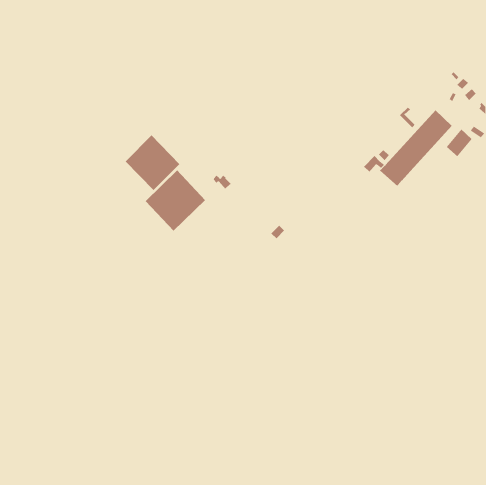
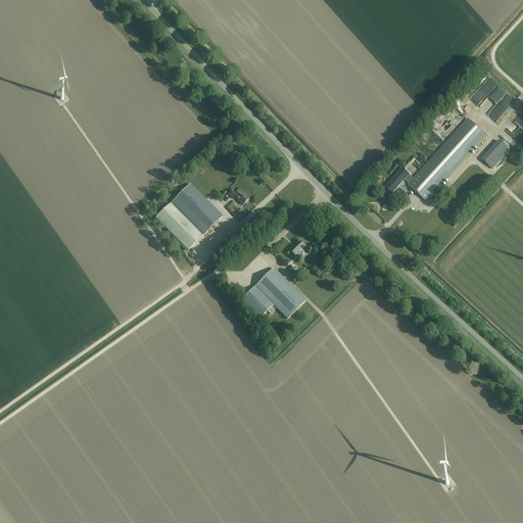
building: [125,134,180,191] -> none
building: none -> [241,268,304,317]

